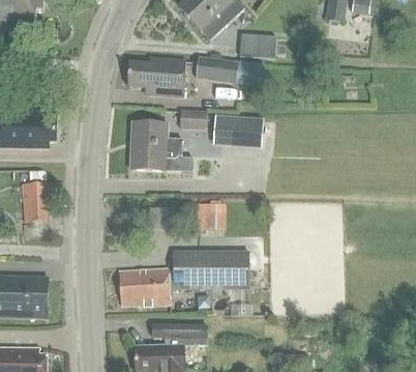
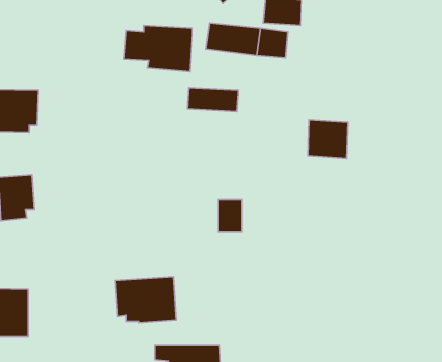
building: [229,115,262,147] -> [308,120,348,158]
building: [129,120,182,170] -> none
building: [172,250,248,288] -> none

